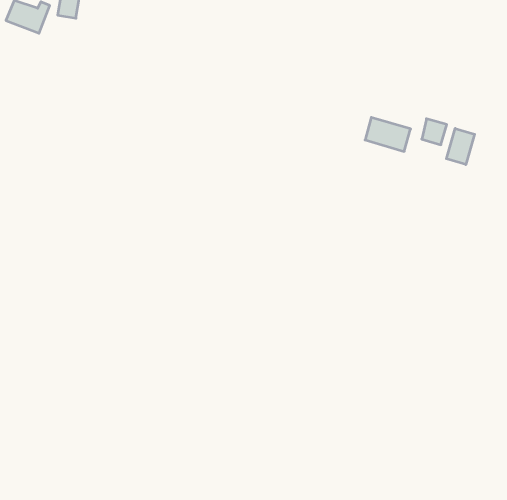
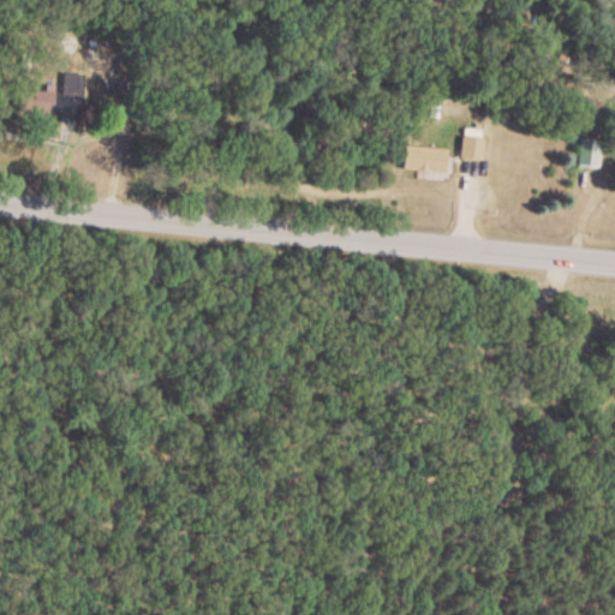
building: [446,128,475,165] -> none

